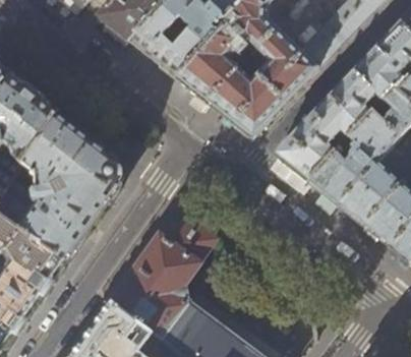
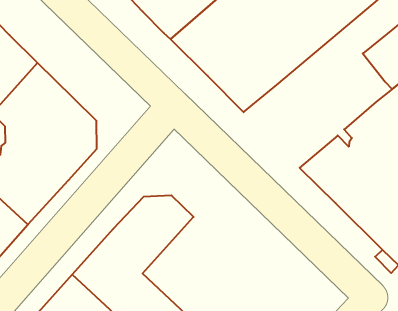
building: [272,68,374,179] -> none

